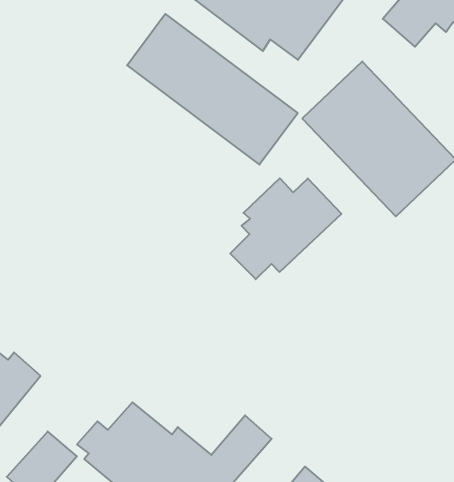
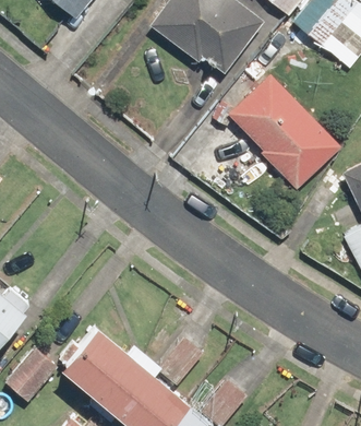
building: [127,14,298,165] -> none
building: [230,178,341,279] -> none

